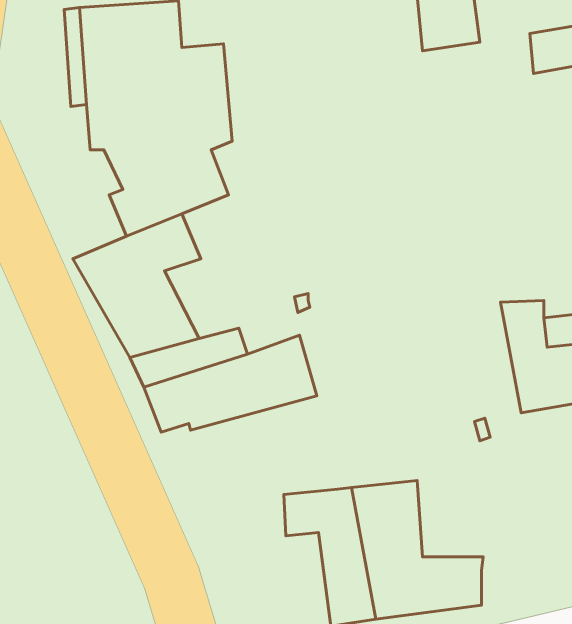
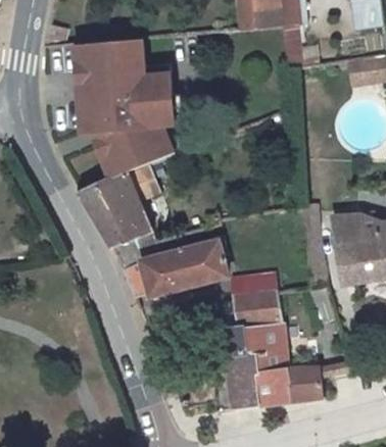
building: none -> [229,274,283,329]

